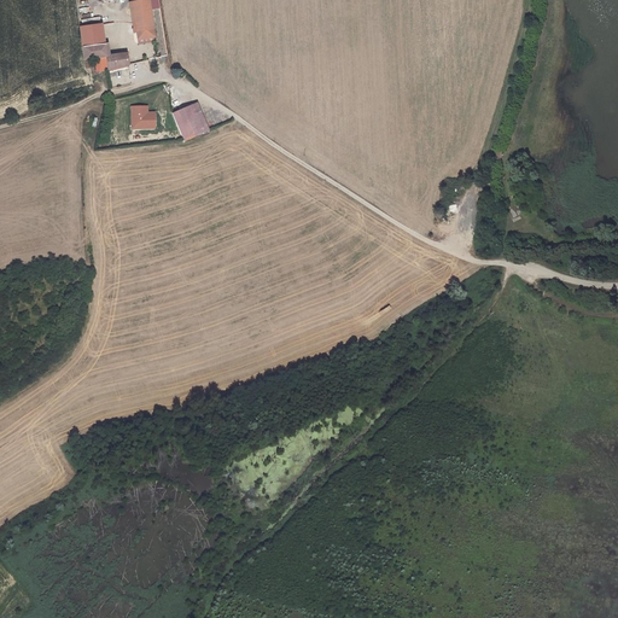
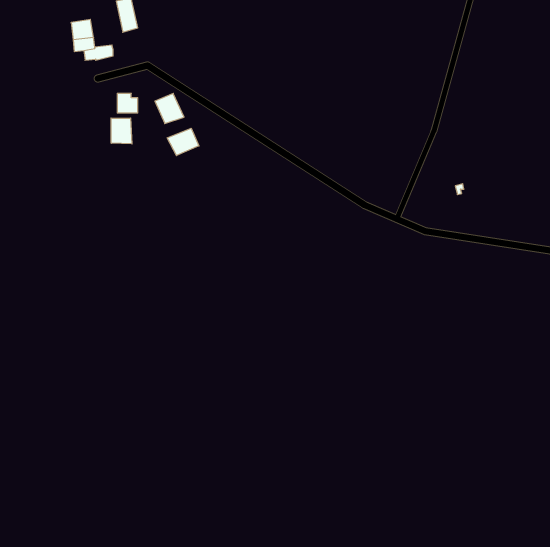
building: none -> [111,118,132,144]
building: none -> [167,128,199,156]

